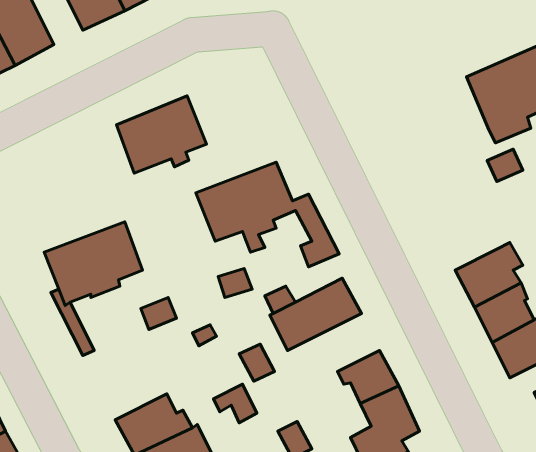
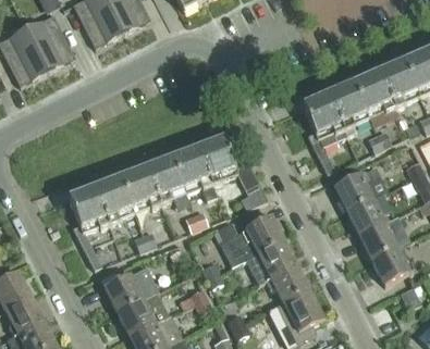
building: none -> [300,78,368,171]
building: [116,96,207,173] -> [122,157,183,209]
building: none -> [332,160,389,209]
building: none -> [245,238,294,282]
building: none -> [102,264,158,310]

